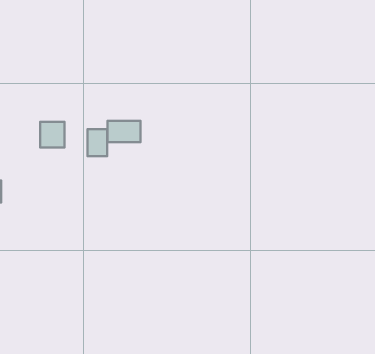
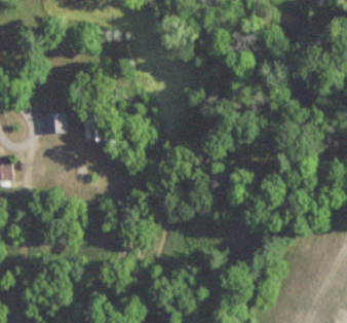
building: [107,121,141,142] -> none

